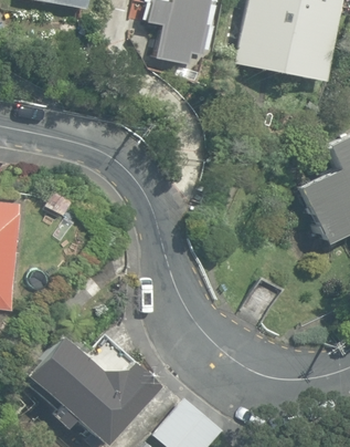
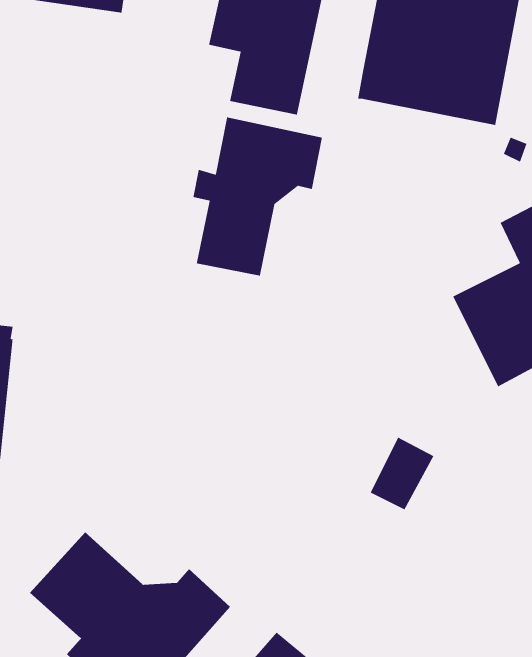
building: none -> [192,116,323,277]

